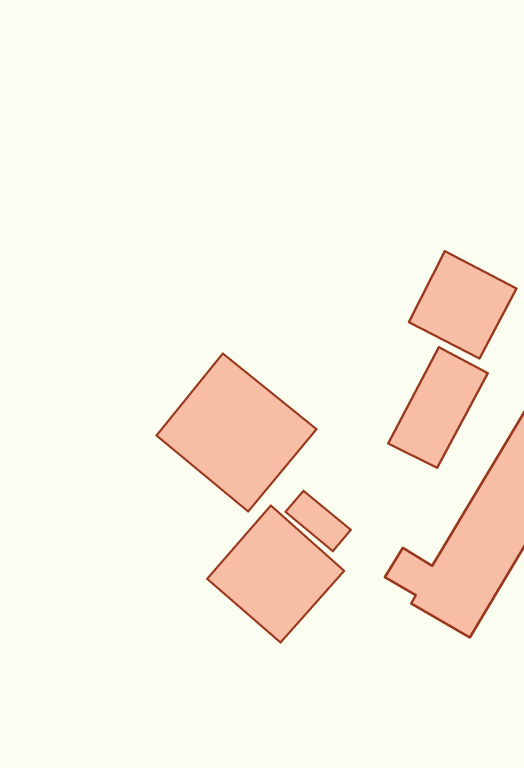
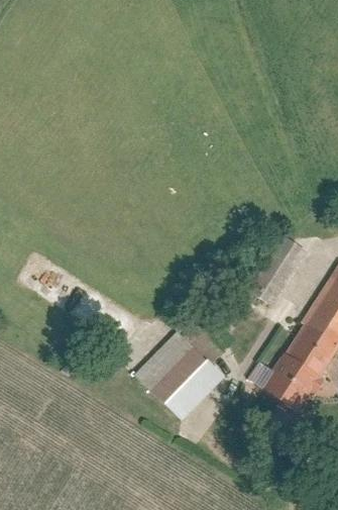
building: [409,251,516,359] -> none
building: [157,353,317,512] -> none

